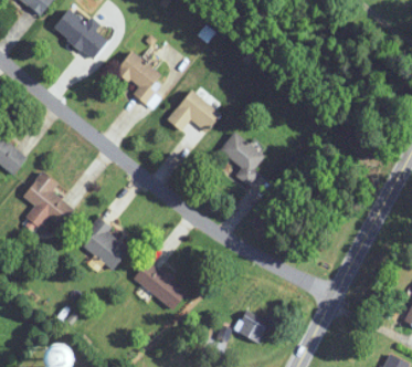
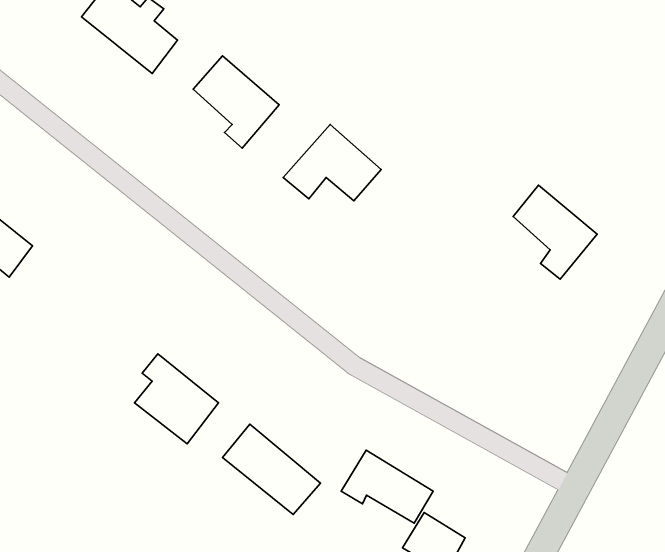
building: [220,132,267,185] -> [513,185,597,279]
building: [22,170,73,229] -> none
building: none -> [341,450,433,523]

